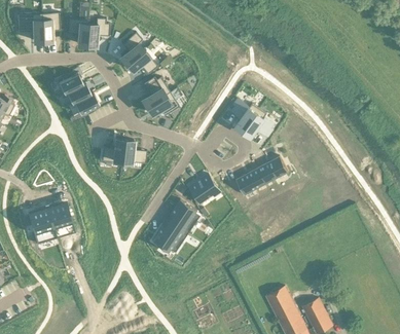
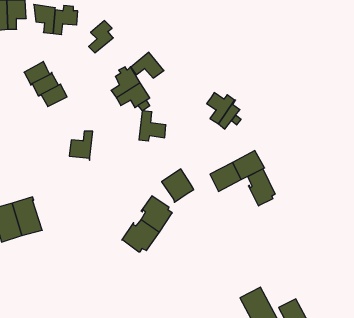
building: [125,48,157,73] -> [131,52,164,78]
building: [120,138,146,166] -> [139,111,166,141]
building: none -> [248,169,275,206]

